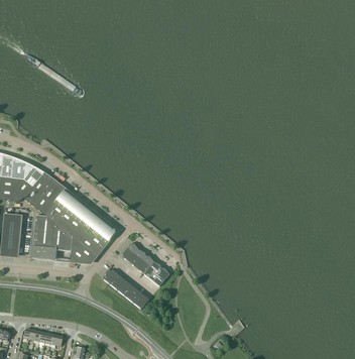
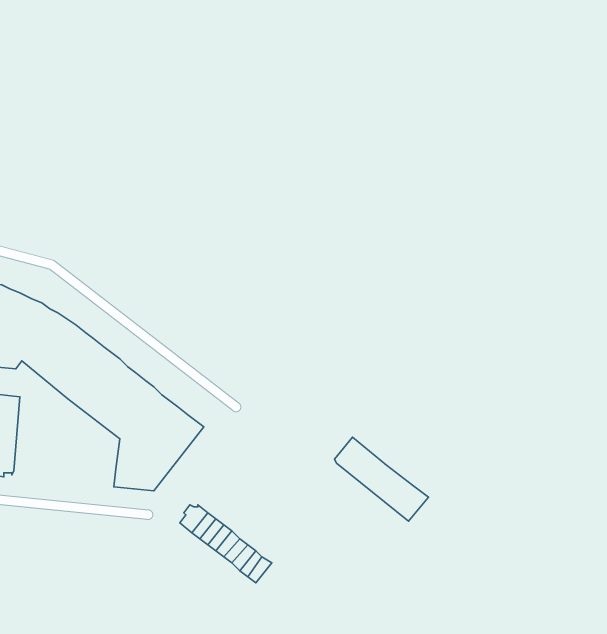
building: [31,215,73,259] -> none
building: [122,243,169,285] -> [334,437,428,521]

